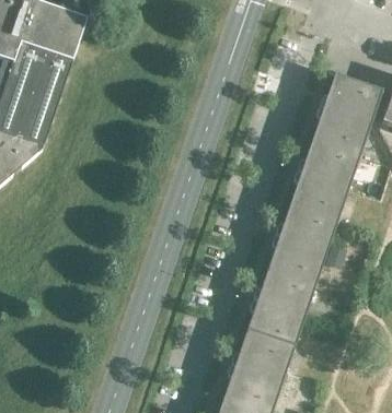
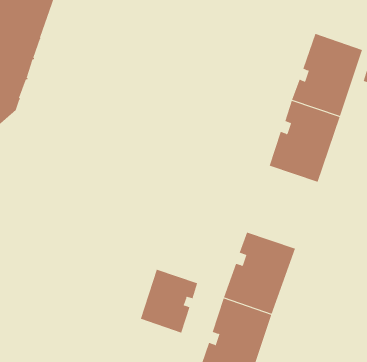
building: [266,204,336,285] -> none
building: none -> [140,269,198,333]

